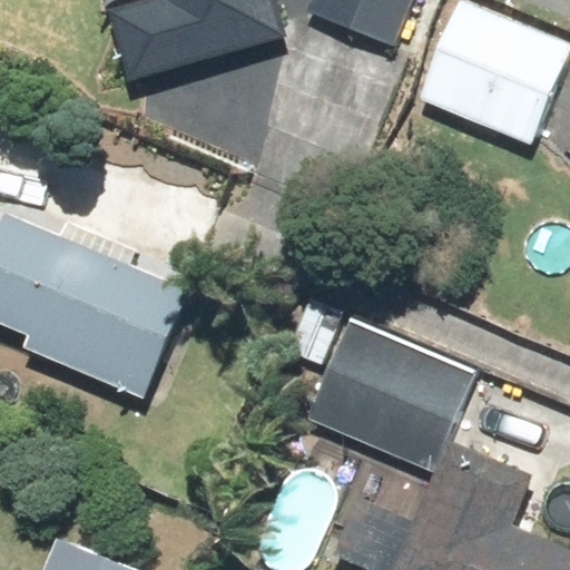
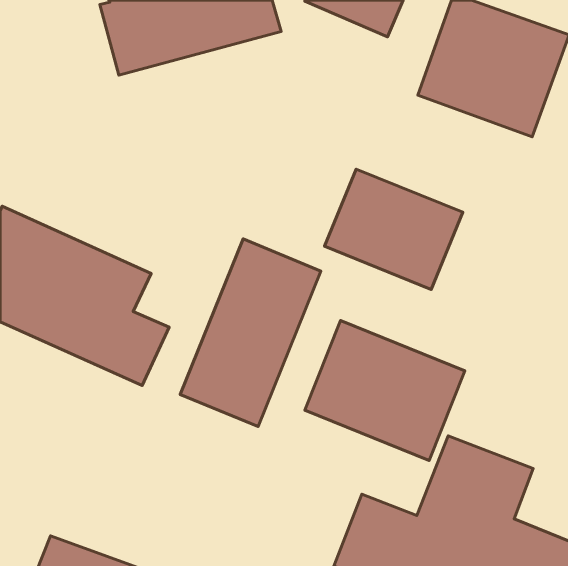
building: none -> [325,169,463,289]
building: none -> [180,239,321,427]

